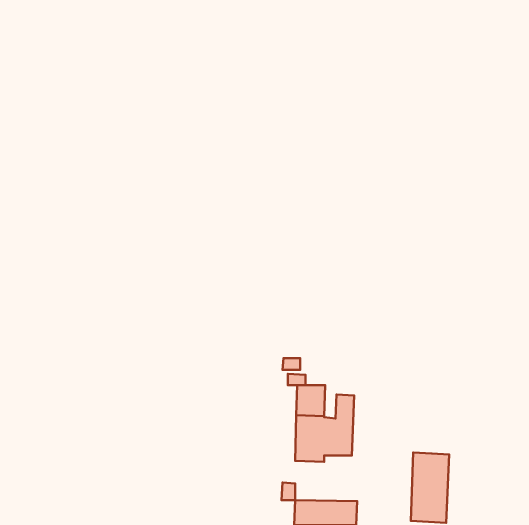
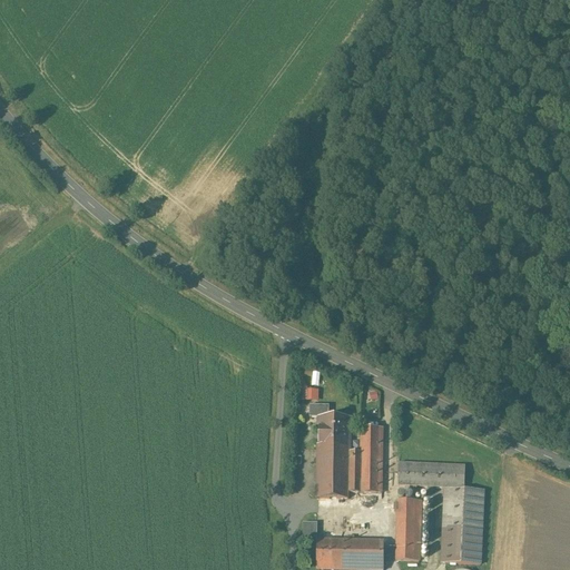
building: none -> [397,461,464,488]
building: none -> [396,498,421,558]

